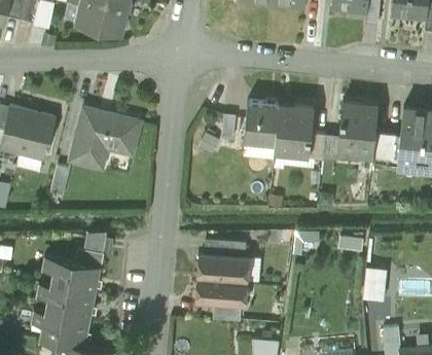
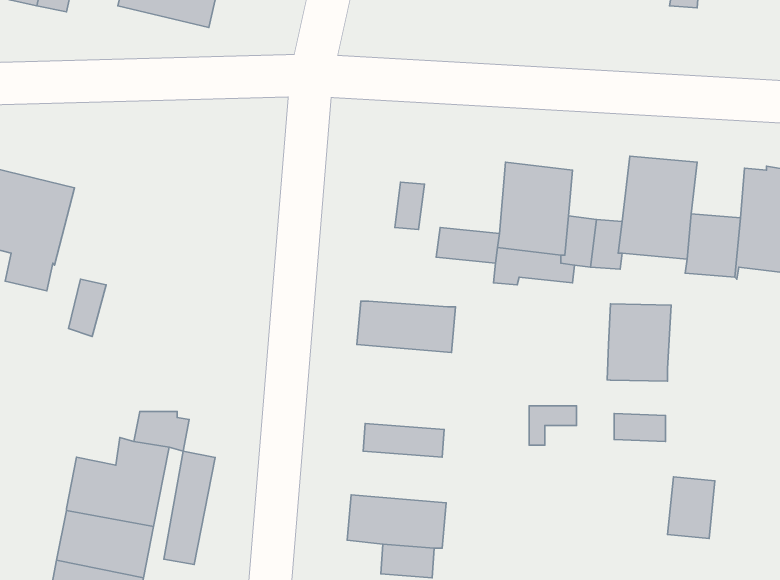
building: [244,102,278,142] -> none
building: [65,103,140,168] -> none
building: none -> [607,304,671,381]
building: none -> [164,451,215,565]
building: [197,255,249,282] -> [357,301,456,353]

